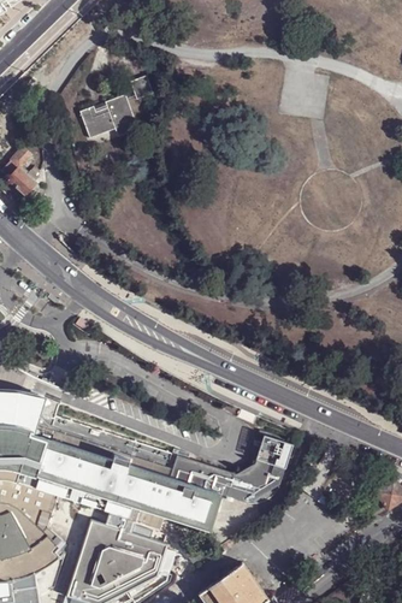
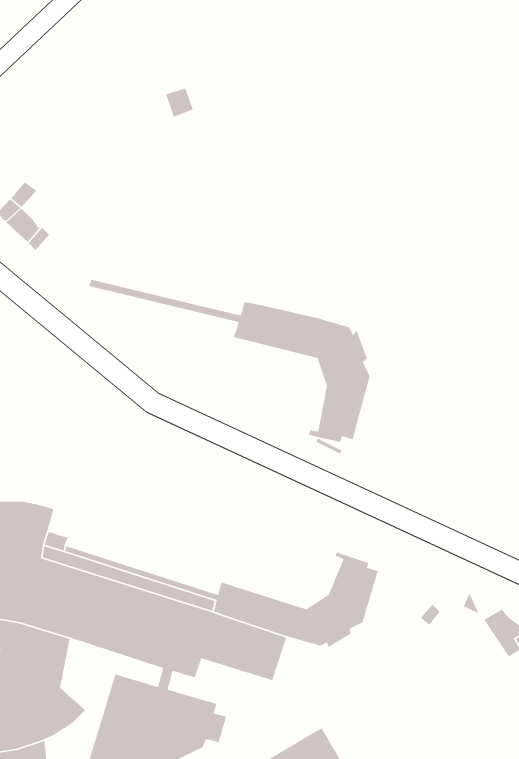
building: [78,93,137,137] -> none
building: none -> [88,279,370,443]

